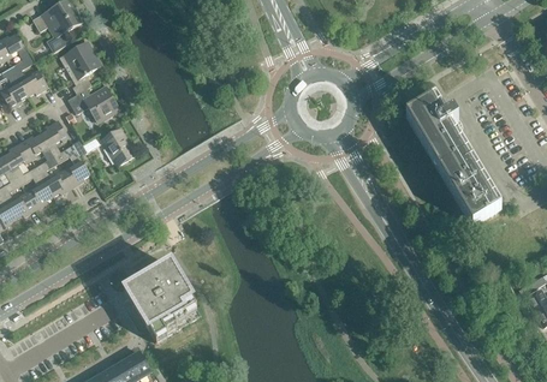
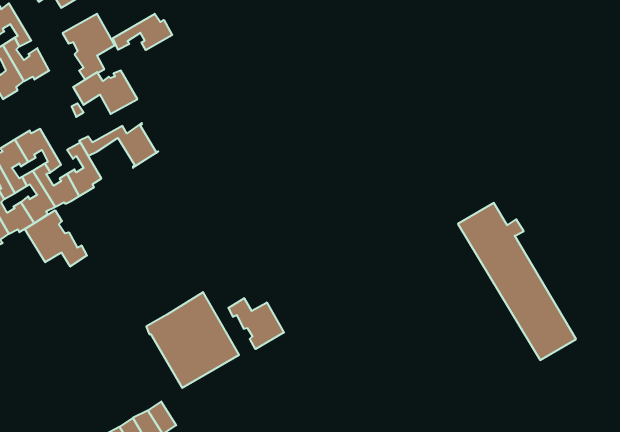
building: none -> [113,14,172,50]
building: [406,97,501,223] -> [458,203,576,360]
building: [41,119,69,161] -> none
building: none -> [25,210,87,267]
building: none -> [228,298,284,349]

